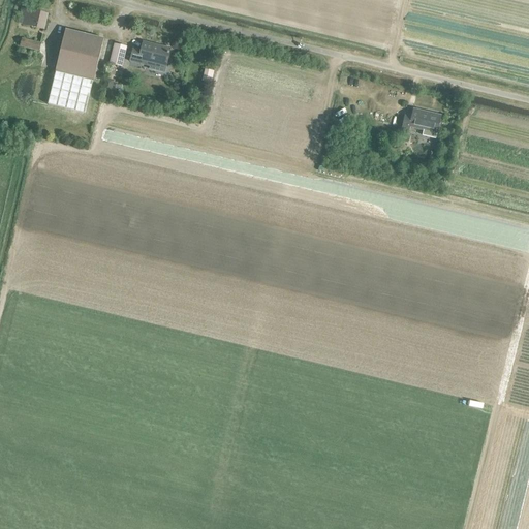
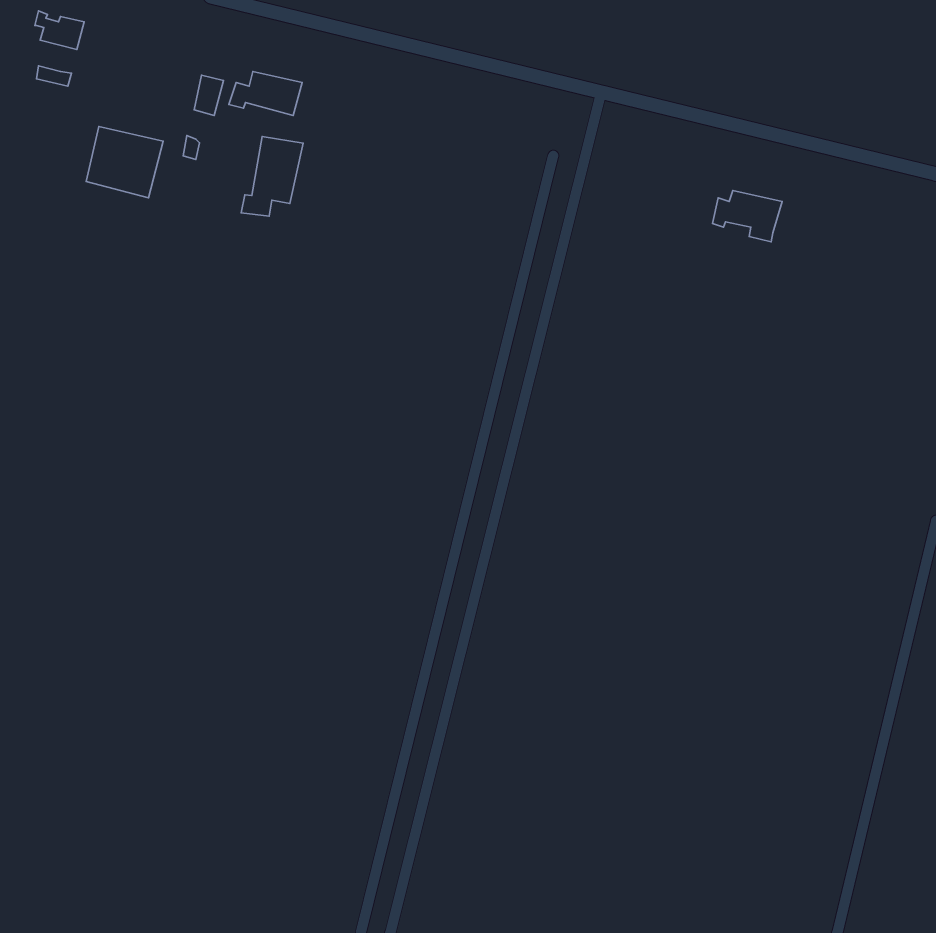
building: [55,28,103,79] -> none
building: none -> [241,136,303,216]

